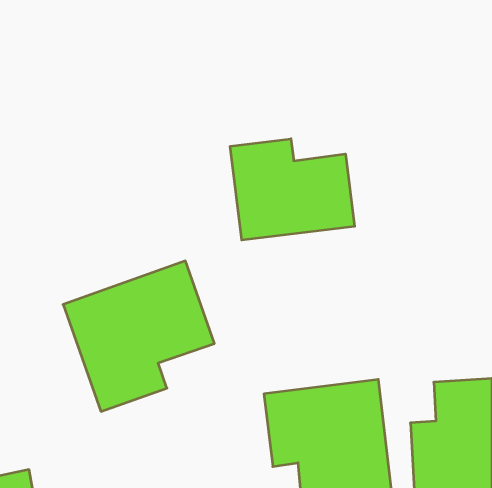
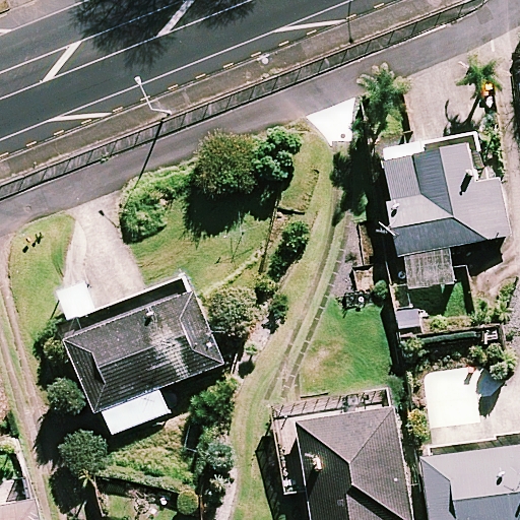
building: none -> [389,143,508,292]
building: [230,139,355,240] -> none

